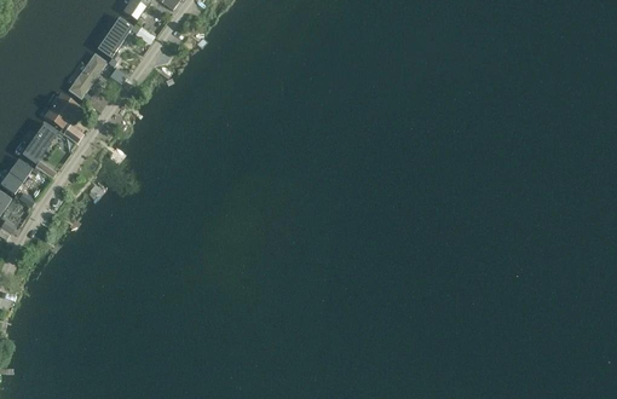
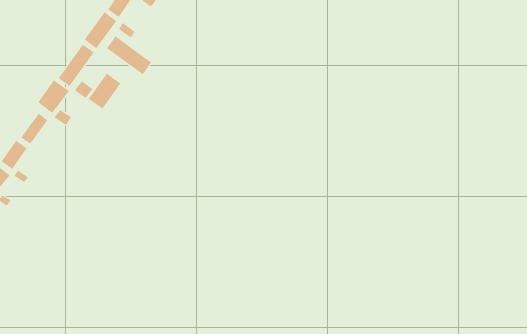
building: none -> [106,36,152,75]
building: none -> [88,73,121,109]

